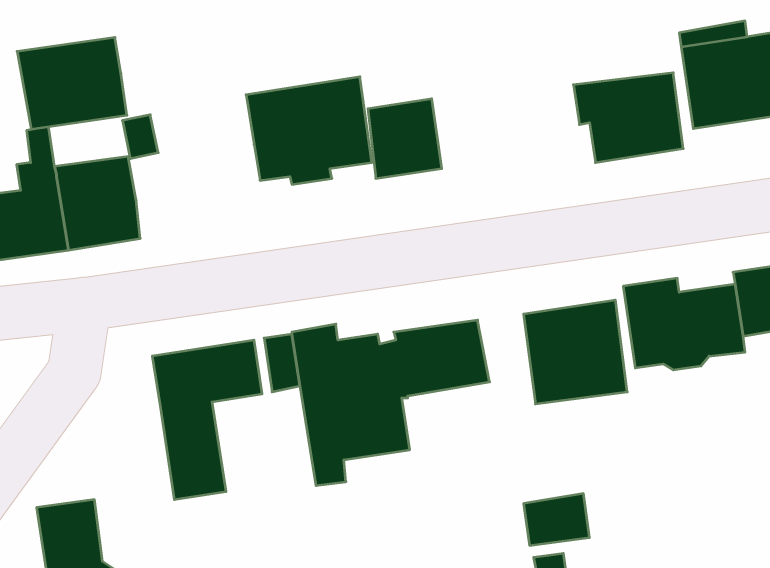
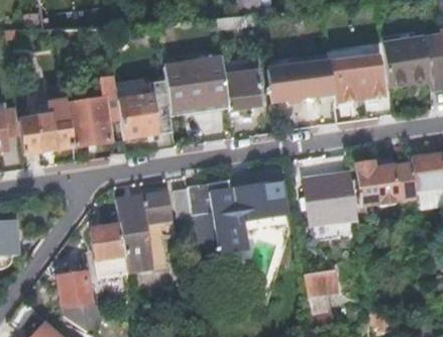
building: [17,37,127,129] -> [119,92,175,138]
building: none -> [269,58,333,101]
building: none -> [93,224,128,275]

